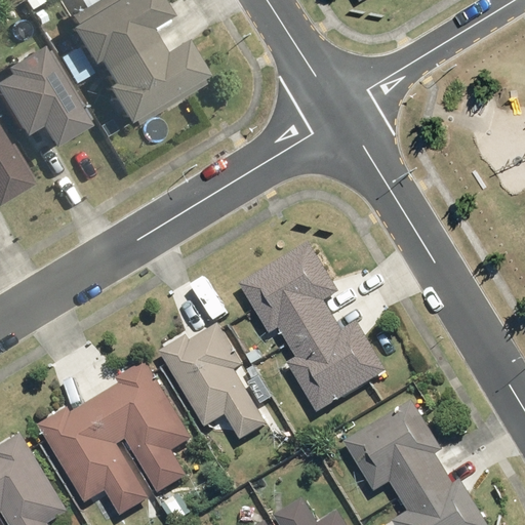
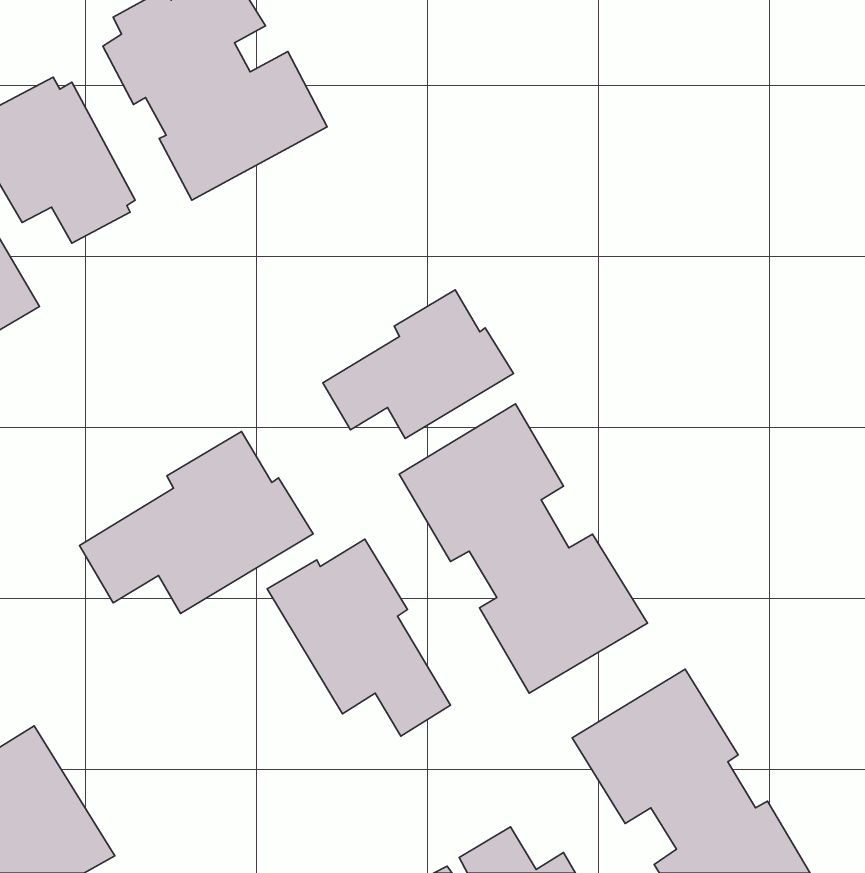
building: none -> [323,290,513,439]
building: none -> [80,431,313,614]
building: [40,361,192,518] -> none

